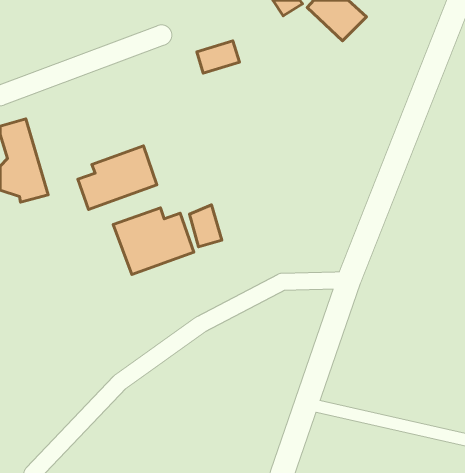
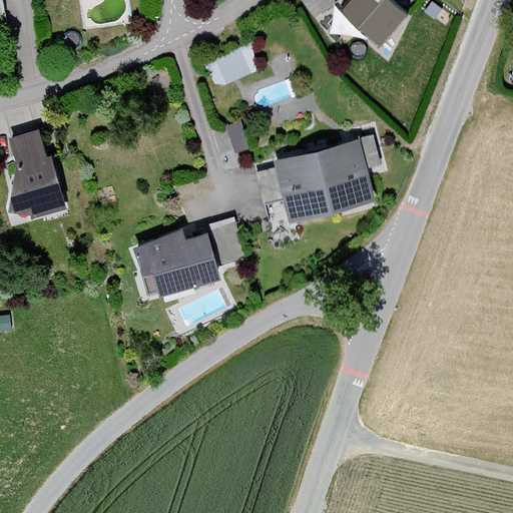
building: none -> [259,137,381,220]
building: [78,146,157,209] -> none

